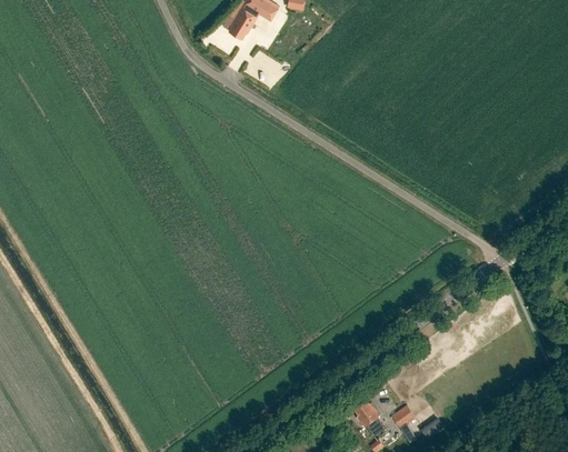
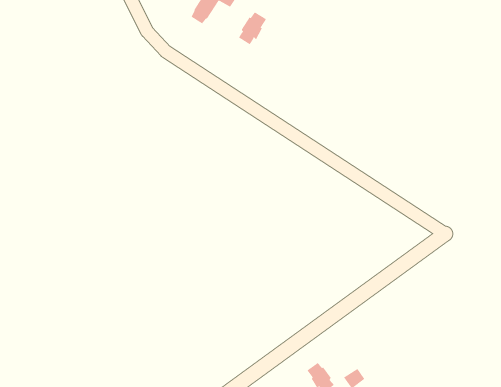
building: none -> [238,11,267,45]

